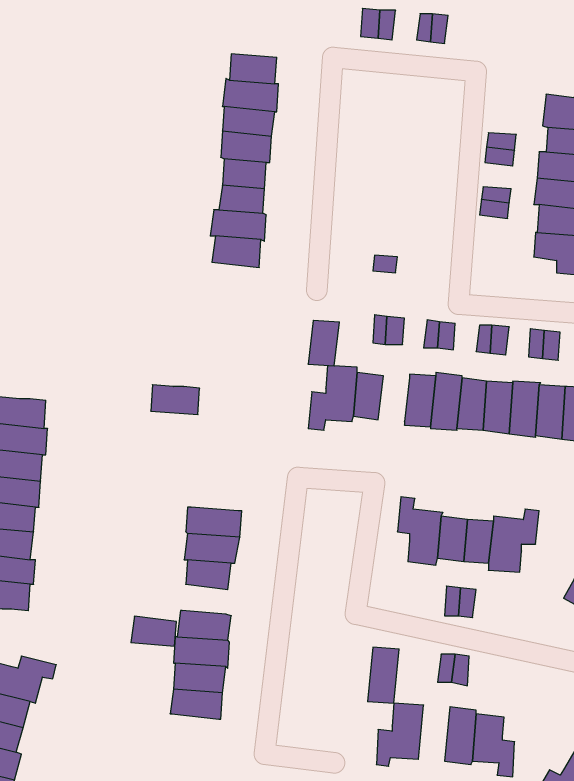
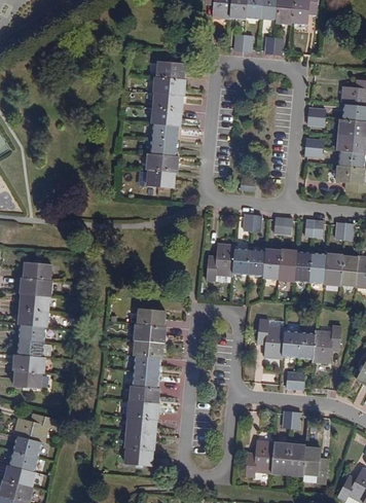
building: [308,320,339,366] -> [246,249,264,276]
building: [151,385,200,415] -> [136,311,164,328]
building: [131,616,176,646] -> [131,371,157,389]
building: [368,647,399,703] -> [269,442,288,475]
building: none -> [123,447,152,466]

